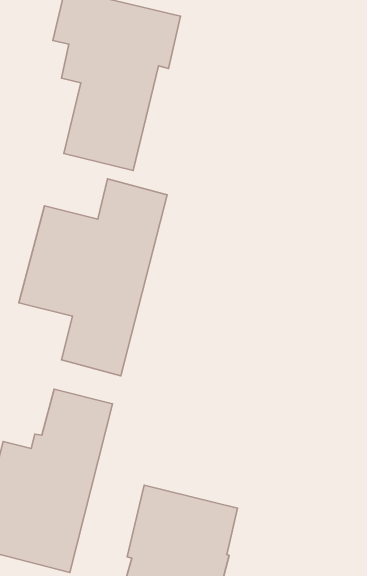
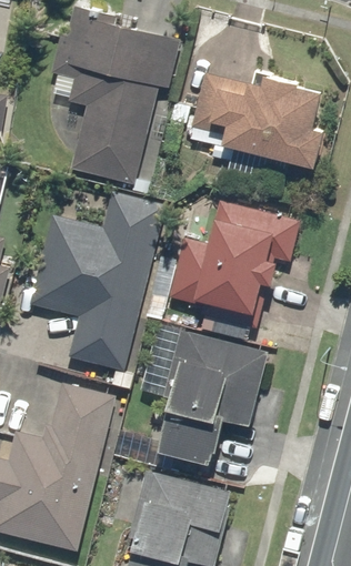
building: none -> [192,73,323,165]
building: none -> [170,204,300,330]
building: none -> [156,331,268,464]

